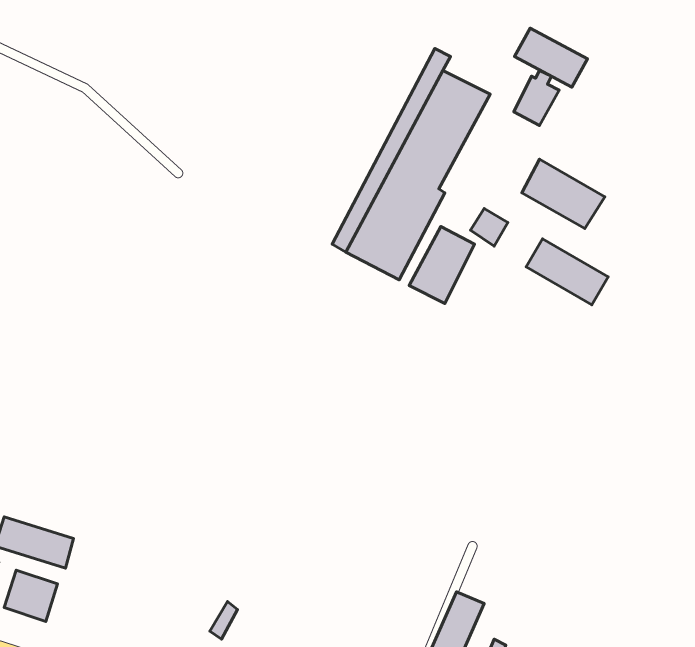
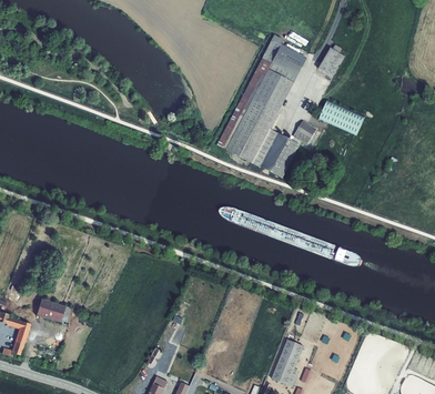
building: [515,28,587,87] -> none
building: [526,239,608,305] -> none

